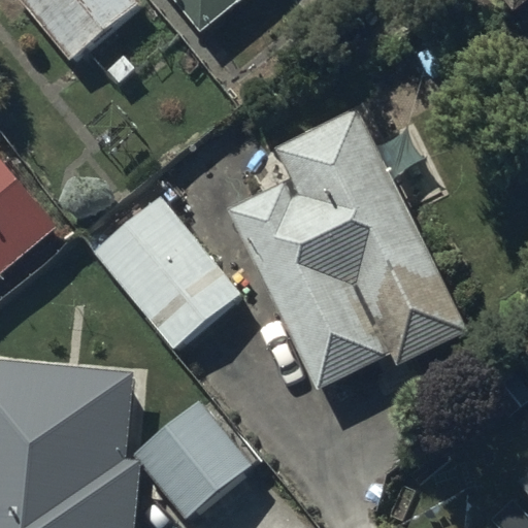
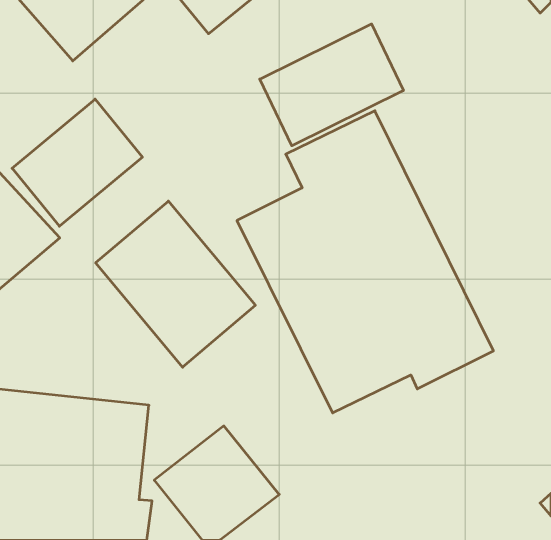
building: none -> [260,24,403,146]
building: none -> [12,99,142,226]

